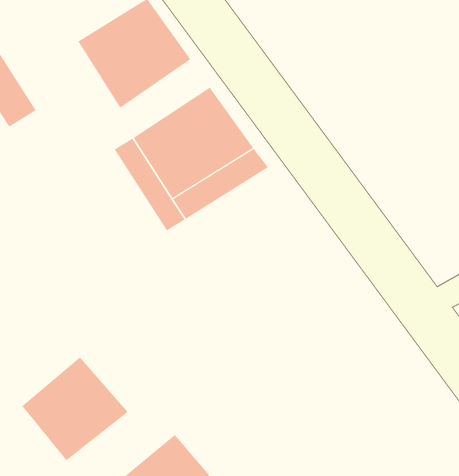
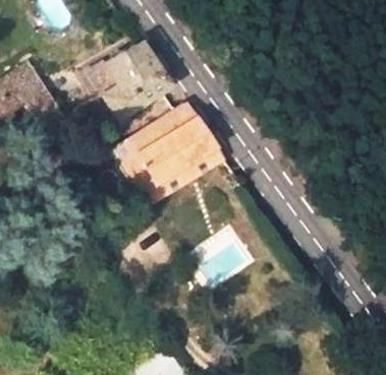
building: [21,356,129,461] -> none

